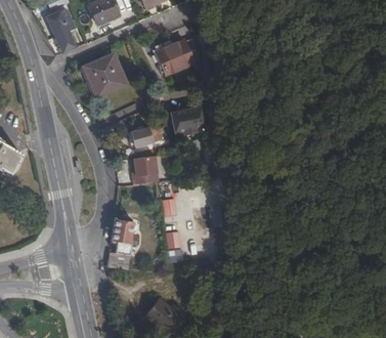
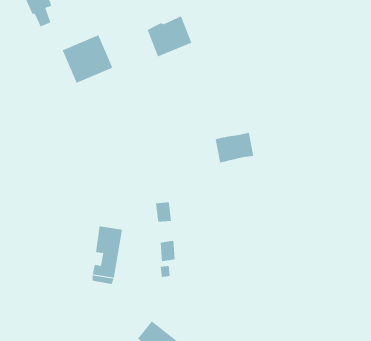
building: [171,105,205,132] -> [215,132,254,163]
building: [128,126,161,145] -> none
building: [134,156,159,184] -> none

